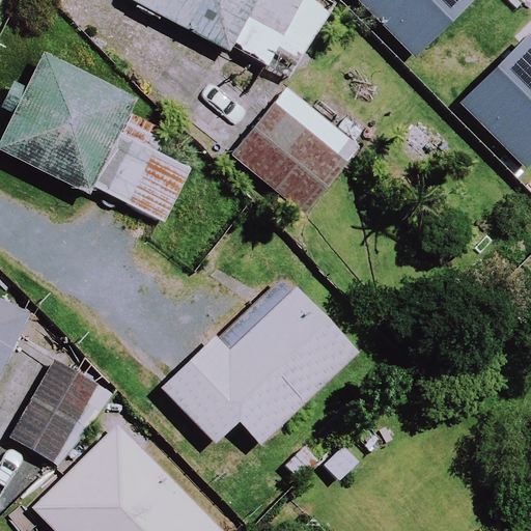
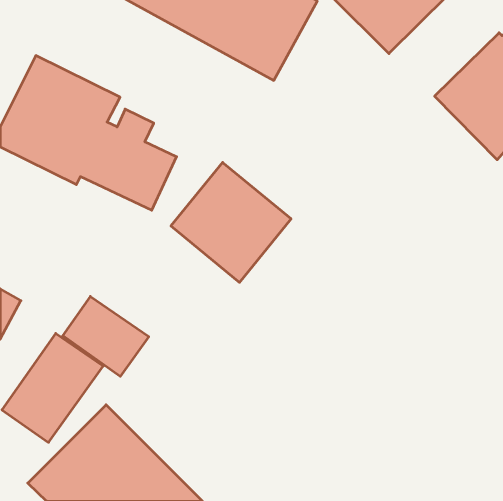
building: [233,86,359,212] -> [171,162,291,282]
building: [161,288,355,443] -> none
building: none -> [63,296,149,376]

